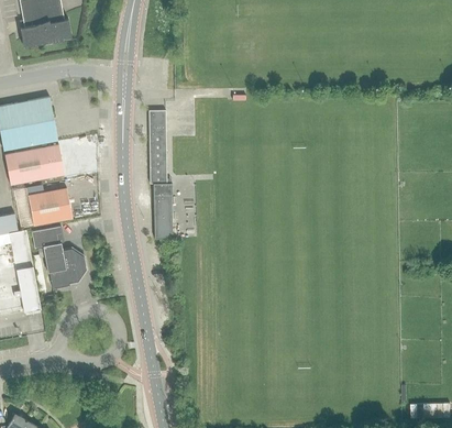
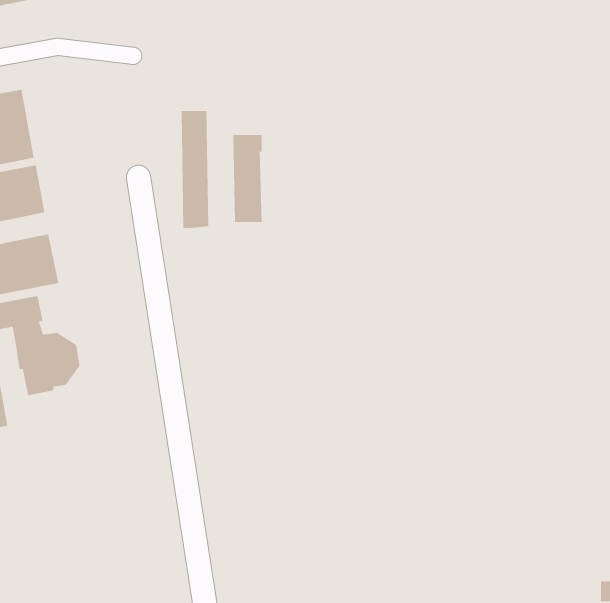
building: [153,184,172,239] -> [232,134,262,223]

